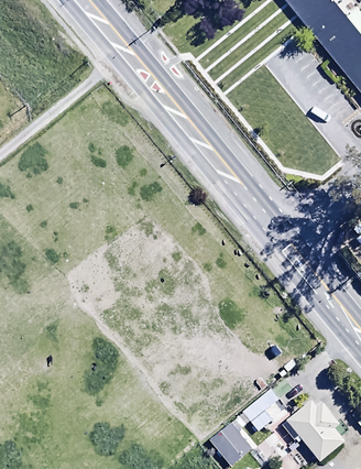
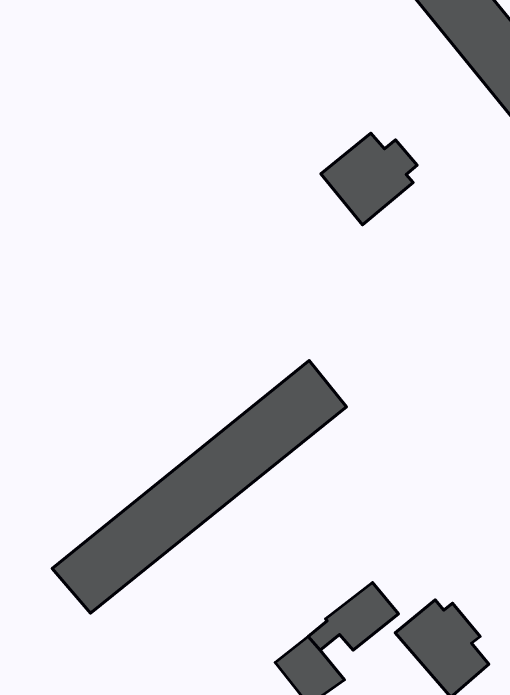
building: none -> [321,133,417,225]
building: none -> [52,361,347,613]

